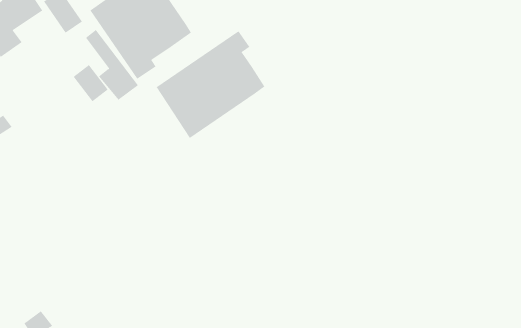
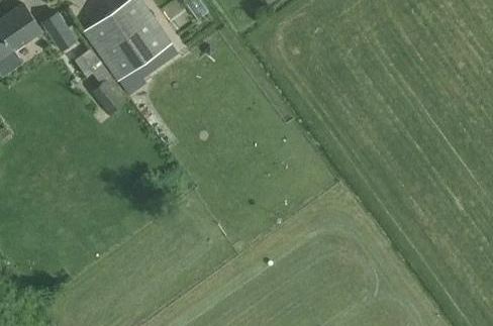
building: [156,30,265,139] -> none
building: [73,64,109,102] -> none

